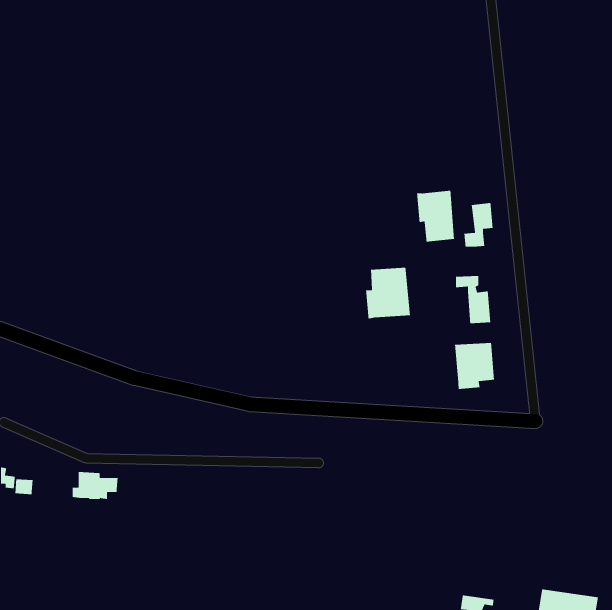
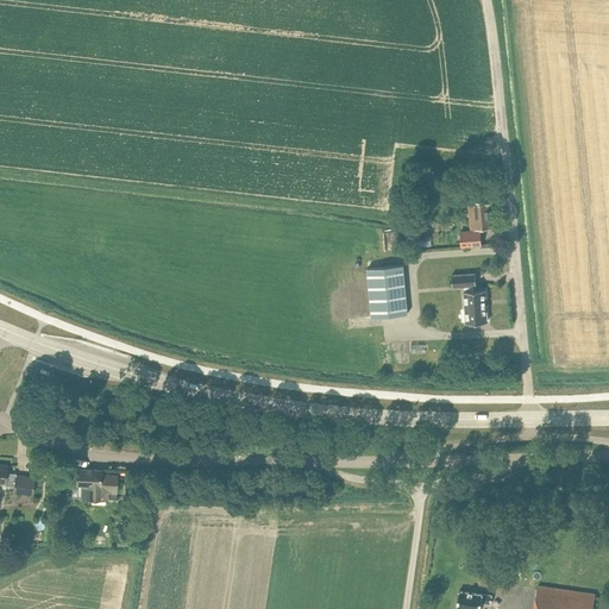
building: [416,190,455,243] -> none
building: [454,342,495,390] -> none

